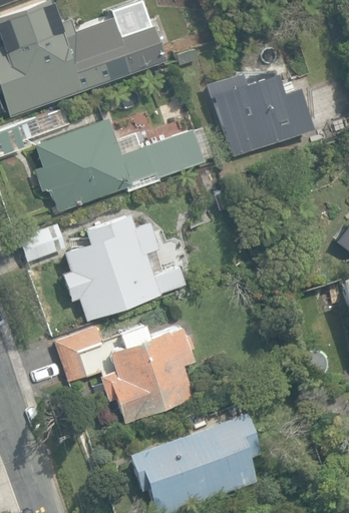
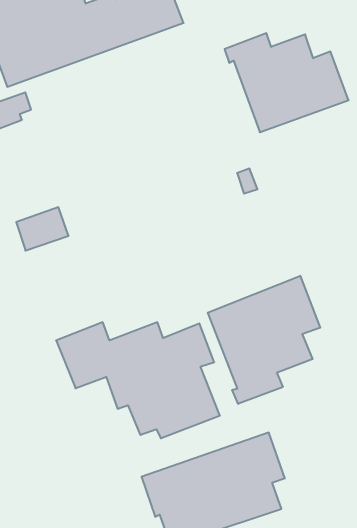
building: [33,116,203,211] -> none
building: [62,212,185,320] -> none
building: none -> [208,276,320,404]

